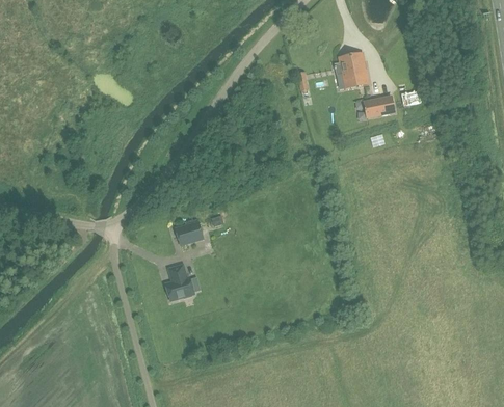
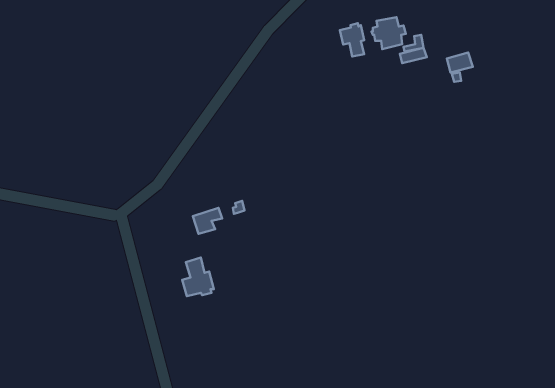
building: none -> [340,23,364,56]
building: [364,97,394,116] -> none

